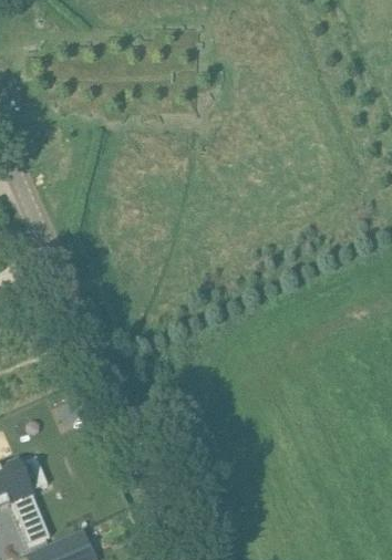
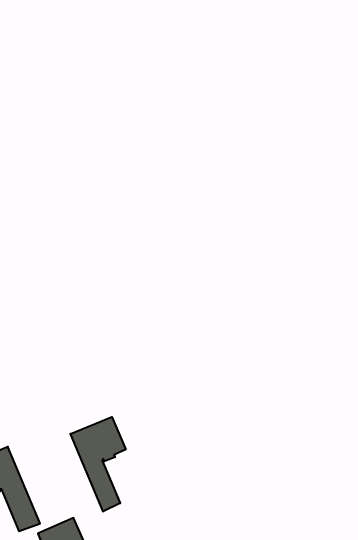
building: none -> [70,417,126,512]

